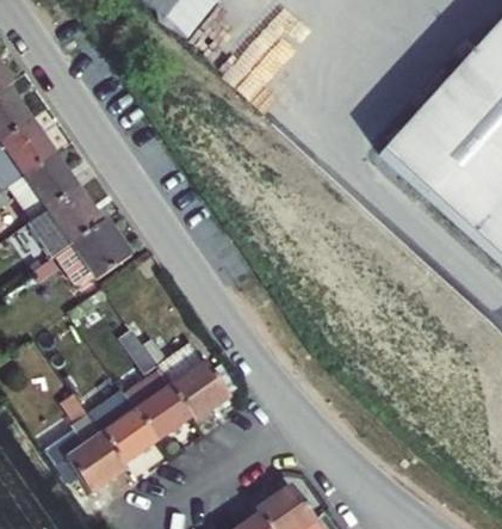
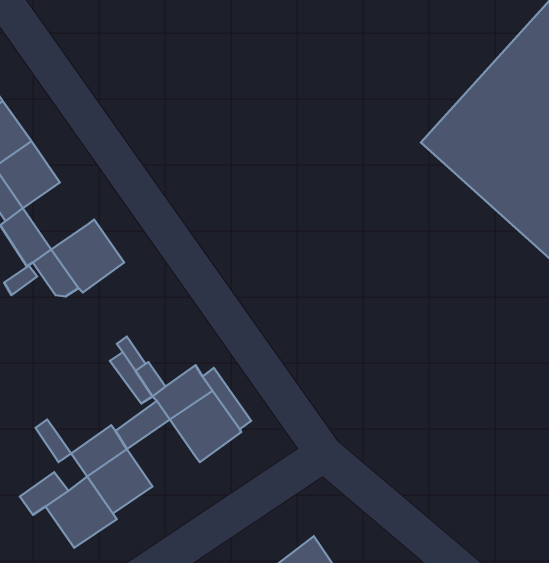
building: [47,187,101,244] -> none
building: [134,386,191,442] -> none

